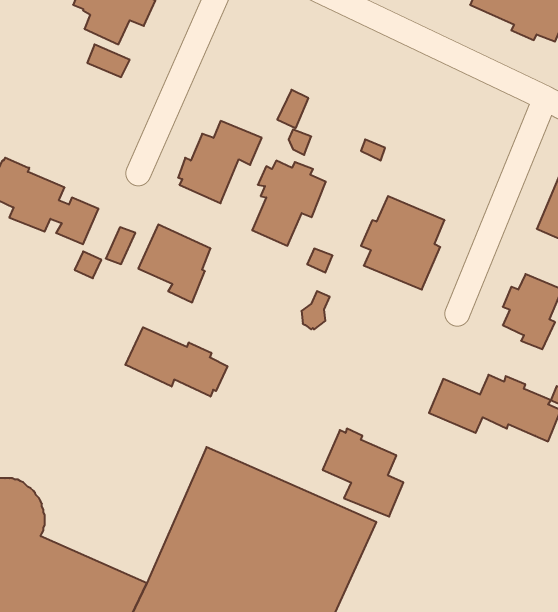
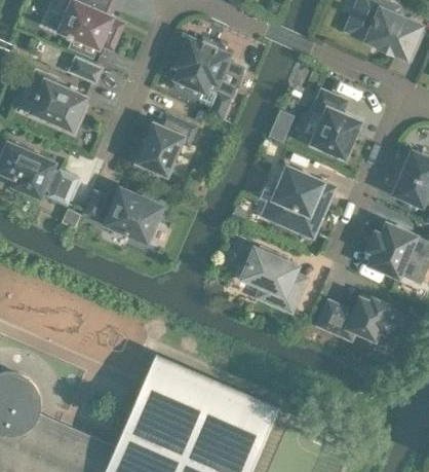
building: none -> [28,72,85,133]
building: none -> [313,92,360,156]
building: [252,161,326,246] -> [172,39,226,101]
building: [125,327,227,397] -> none
building: [323,429,403,517] -> [242,247,301,311]

